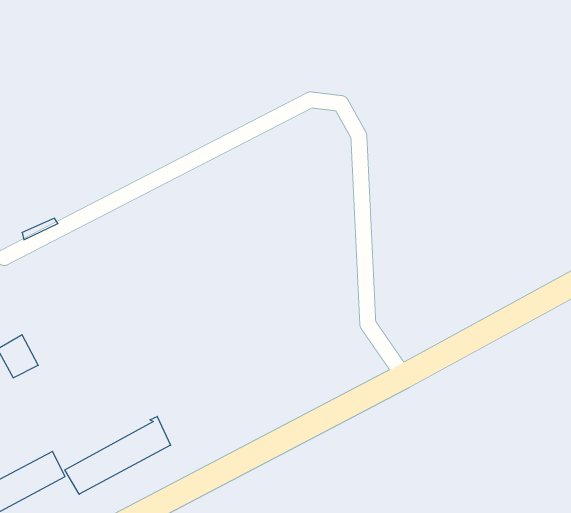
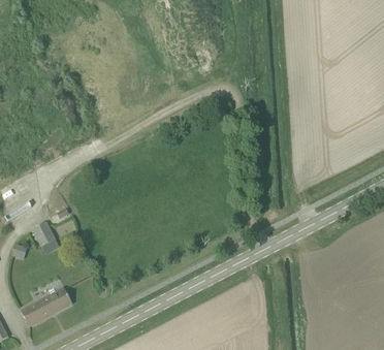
building: [65,416,171,494] -> none

